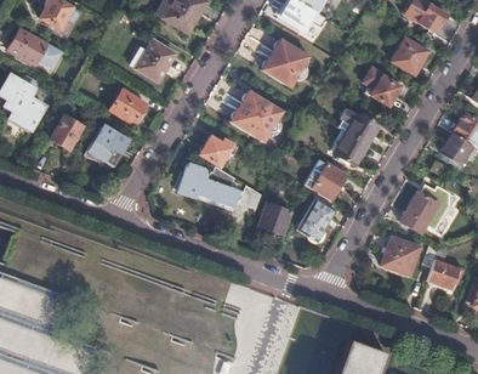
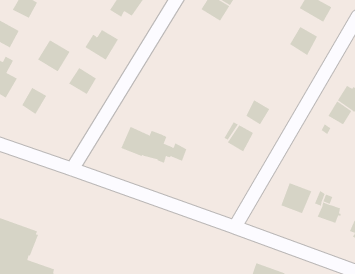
building: [262,41,308,89] -> none
building: [364,68,400,104] -> none
building: [229,91,283,144] -> none
building: [338,109,377,143] -> none
building: [87,125,130,166] -> [37,40,70,72]
building: [199,136,234,168] -> none
building: [402,186,442,233] -> none
building: [297,198,337,240] -> none
building: [258,204,290,234] -> none

